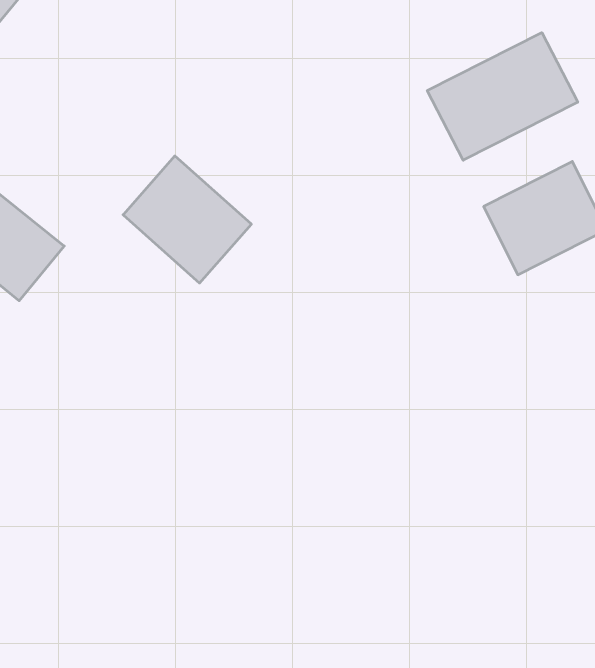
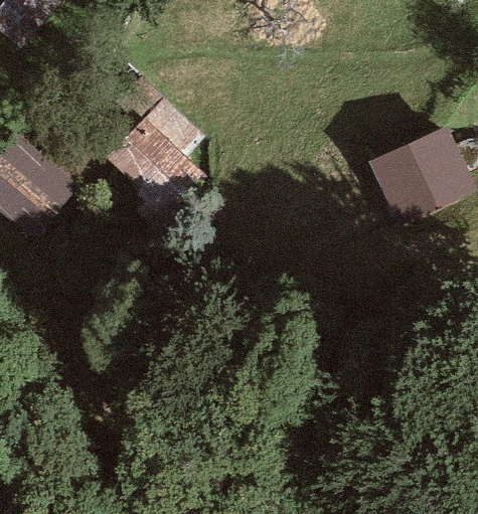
building: [427,33,578,160] -> none

